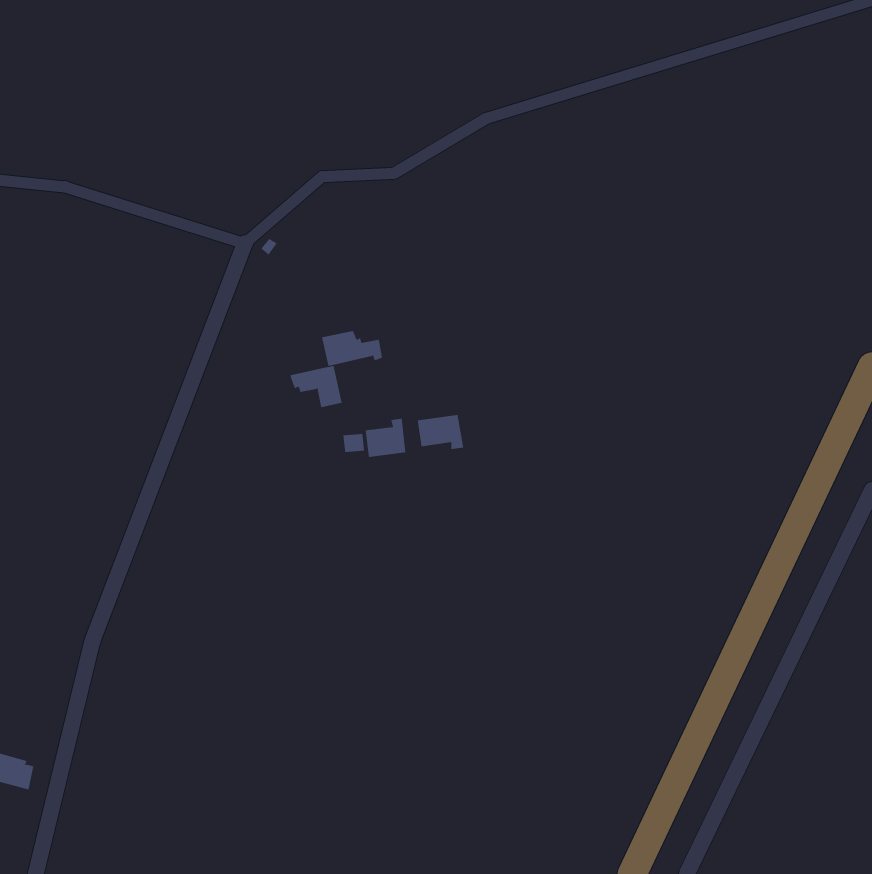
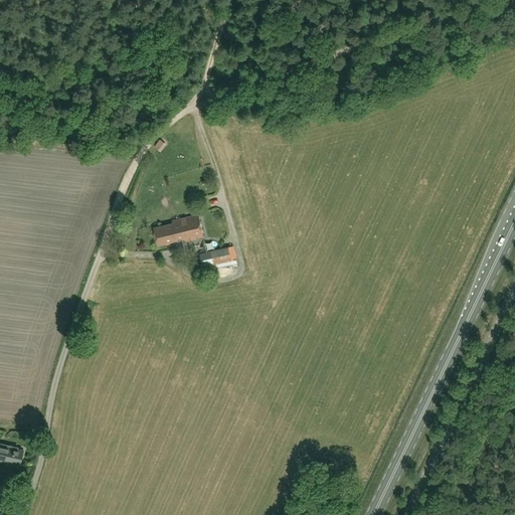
building: [321,330,383,366] -> [152,223,188,244]
building: [417,414,464,450] -> none

